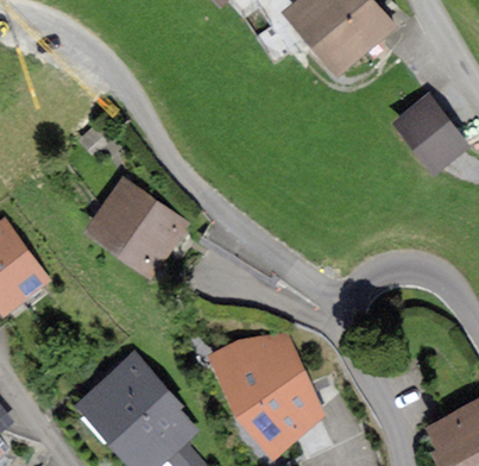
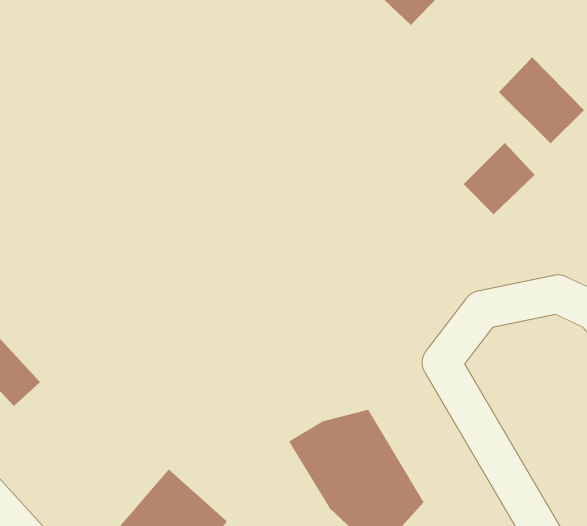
building: none -> [463,142,536,215]
building: [94,190,187,262] -> none

